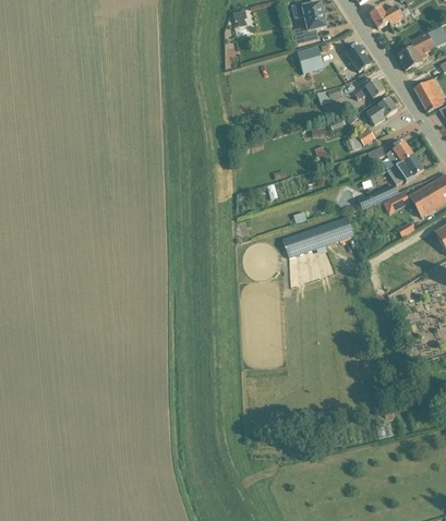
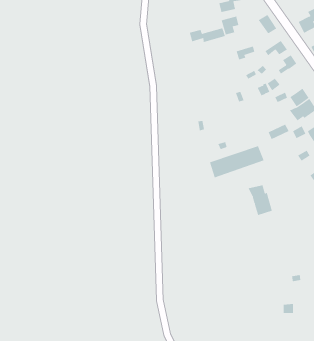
building: none -> [189,27,225,43]
building: none -> [248,184,273,216]

